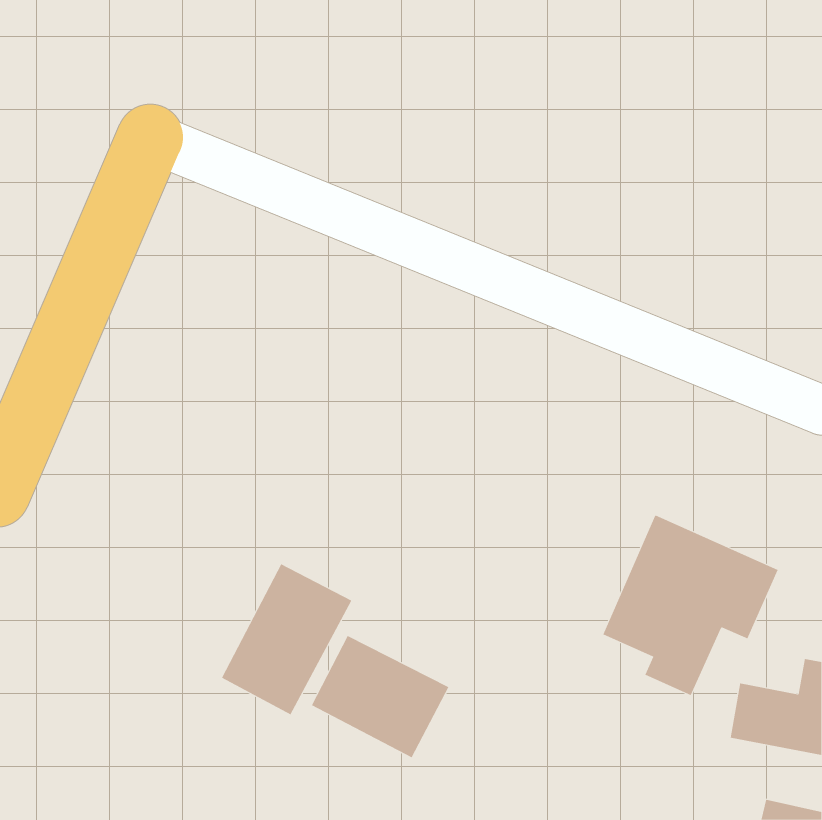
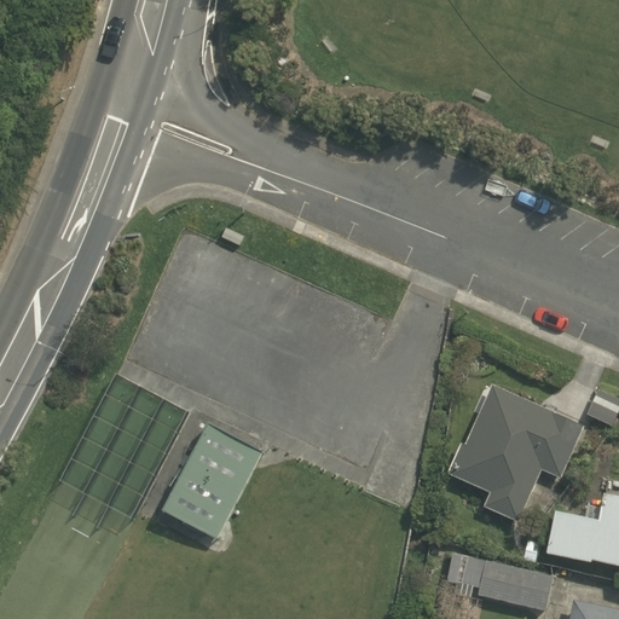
building: [311,635,449,758] -> none
building: none -> [446,548,554,609]

